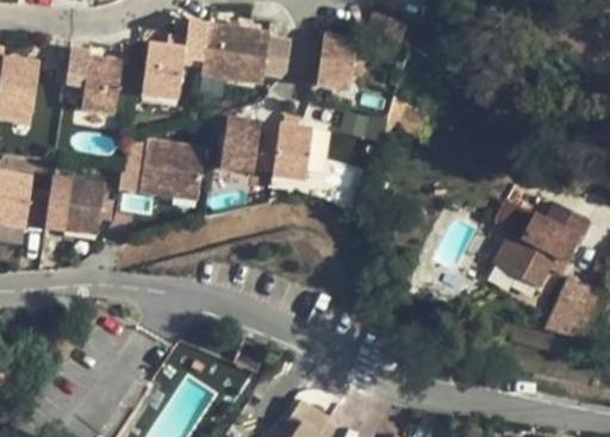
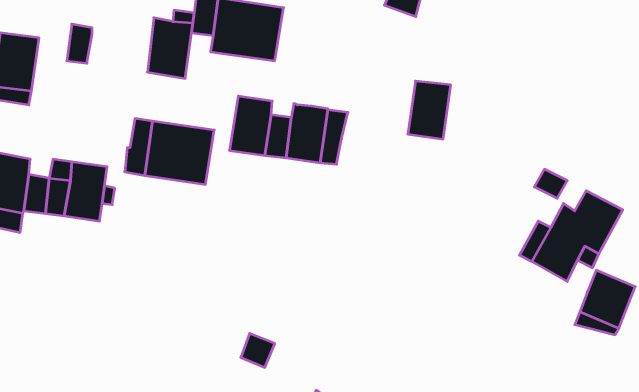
building: [316,35,356,89] -> [408,81,451,139]
building: [81,58,122,113] -> none

